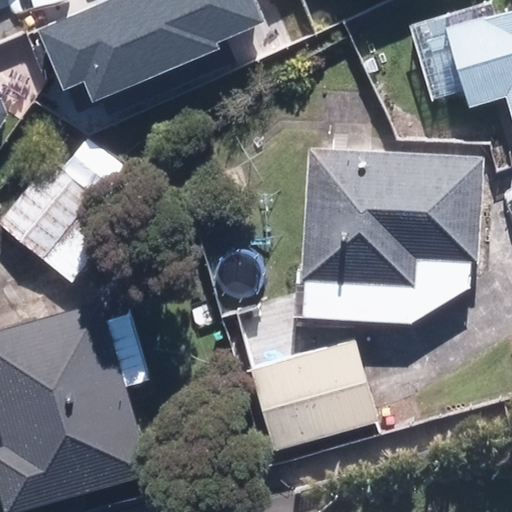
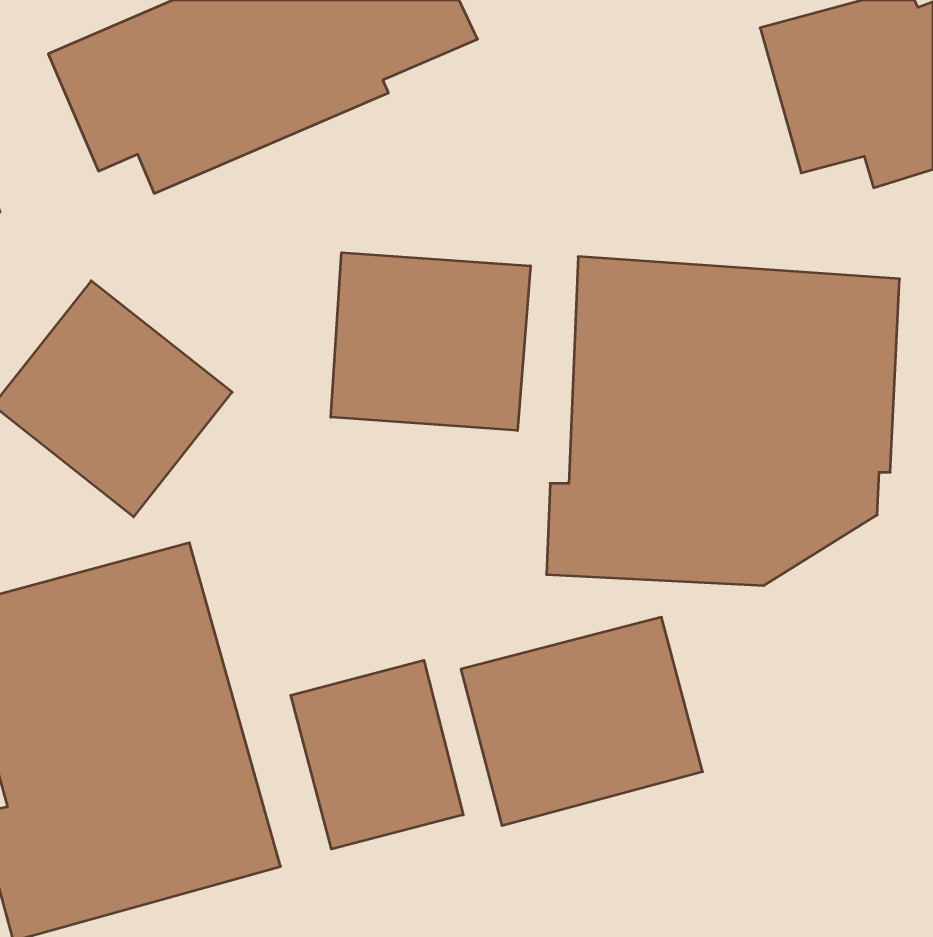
building: none -> [331,253,530,431]
building: none -> [291,660,463,849]

